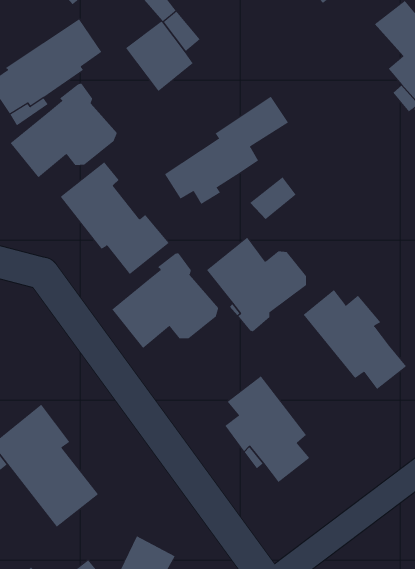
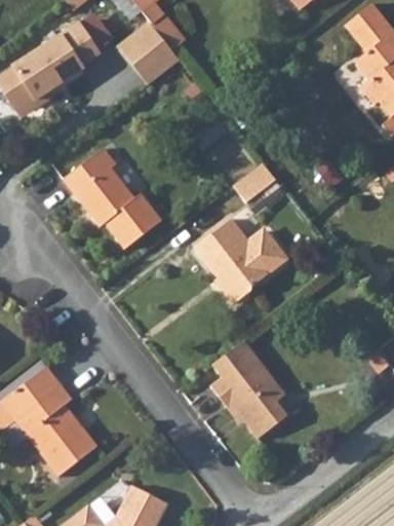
building: [10,83,117,178] -> none
building: [164,96,289,205] -> none
building: [111,253,219,349] -> none
building: [303,289,407,390] -> none

